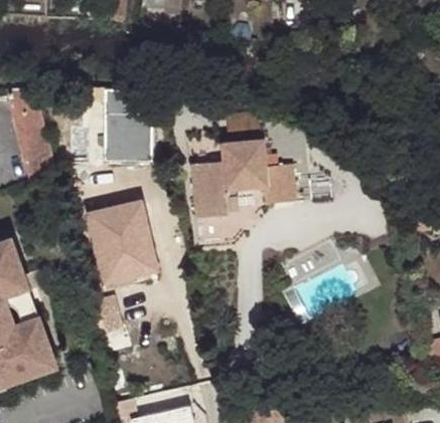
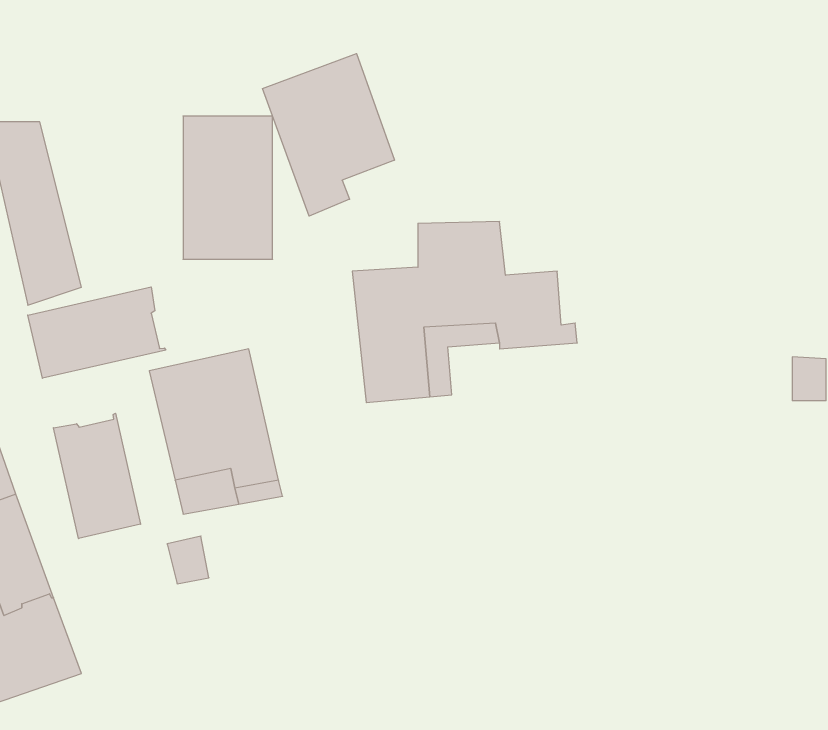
building: none -> [263,54,394,216]
building: none -> [28,287,166,378]
building: none -> [53,413,141,539]

